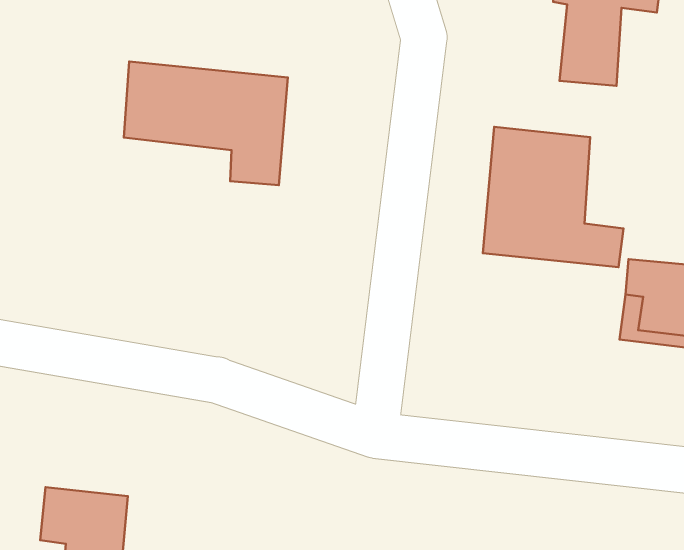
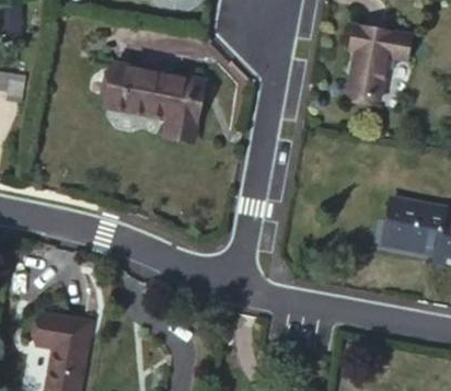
building: [483,127,623,267] -> none

